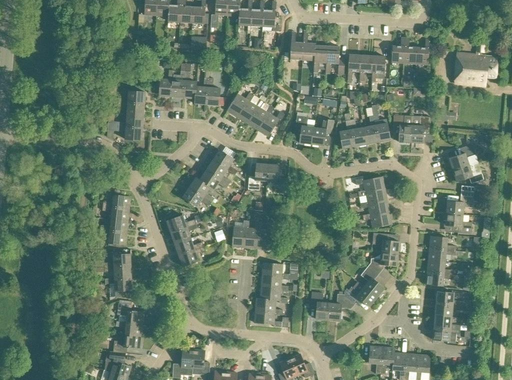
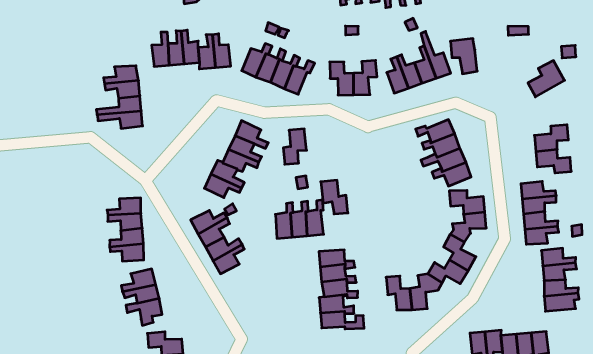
building: [411,116,431,143] -> none
building: [453,161,484,183] -> none
building: [267,164,286,192] -> [321,180,348,214]

